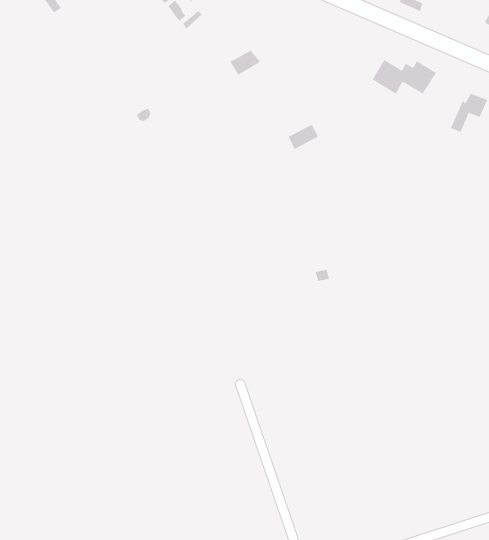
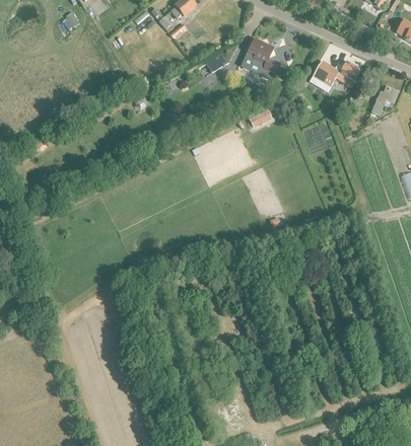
building: none -> [245,39,280,80]

